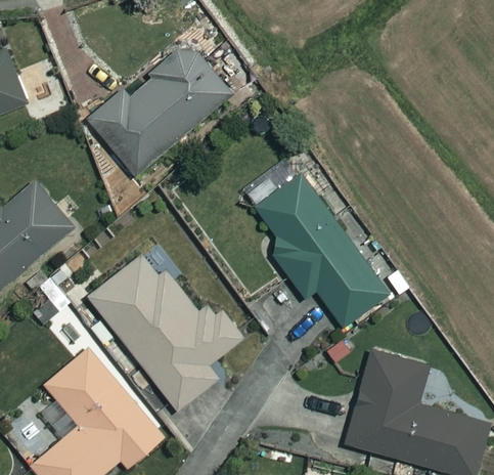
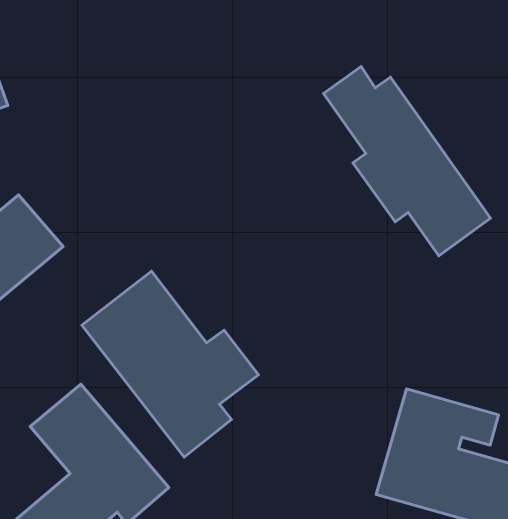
building: [88,44,231,174] -> none
building: [243,164,389,329] -> [324,67,491,256]

